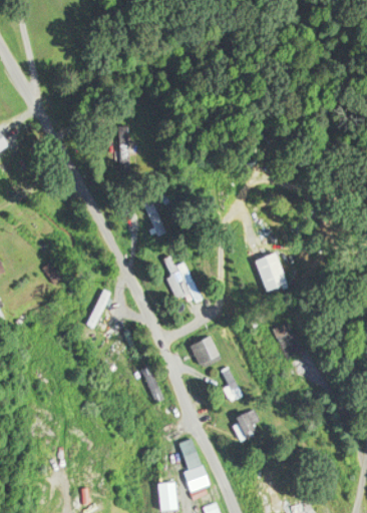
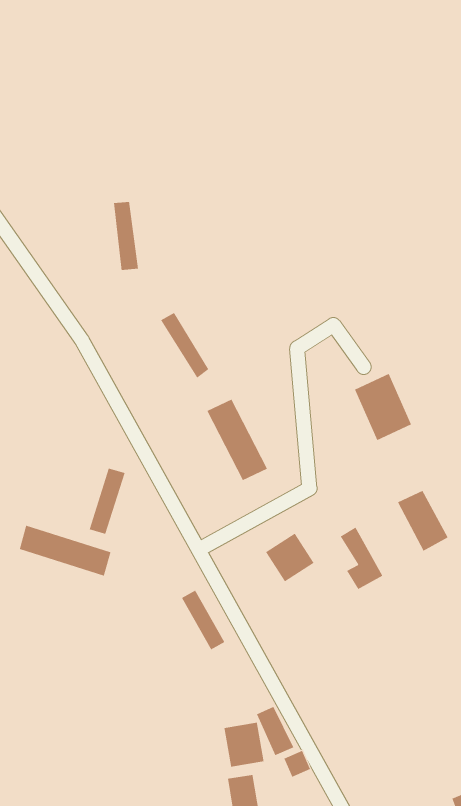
building: none -> [19,525,111,576]
building: [222,367,246,405] -> [340,527,383,590]
building: [234,410,259,441] -> none
building: none -> [224,722,264,768]

